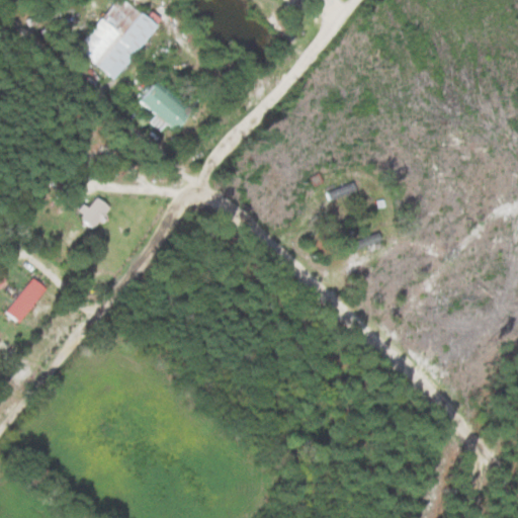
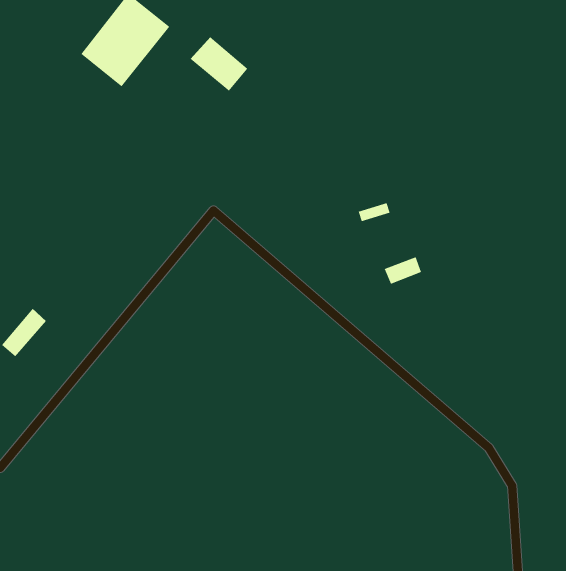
building: [141,80,193,130] -> [190,36,248,91]
building: [77,197,110,229] -> none

